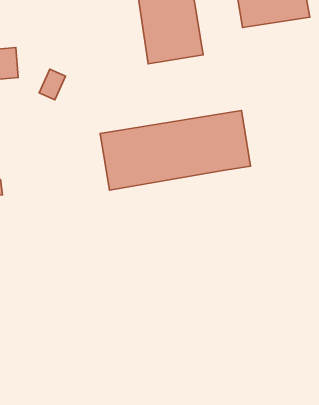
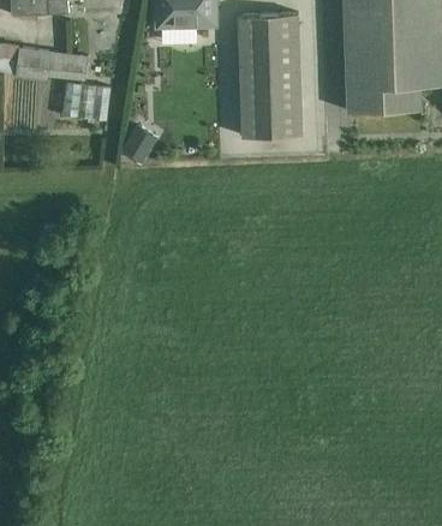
building: [100,110,251,190] -> none

